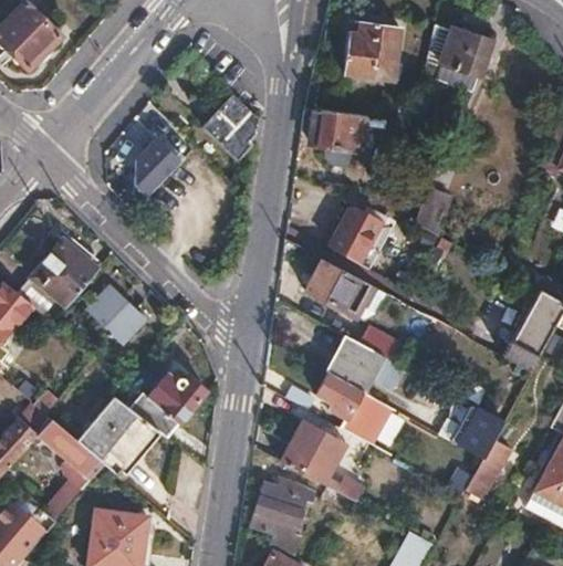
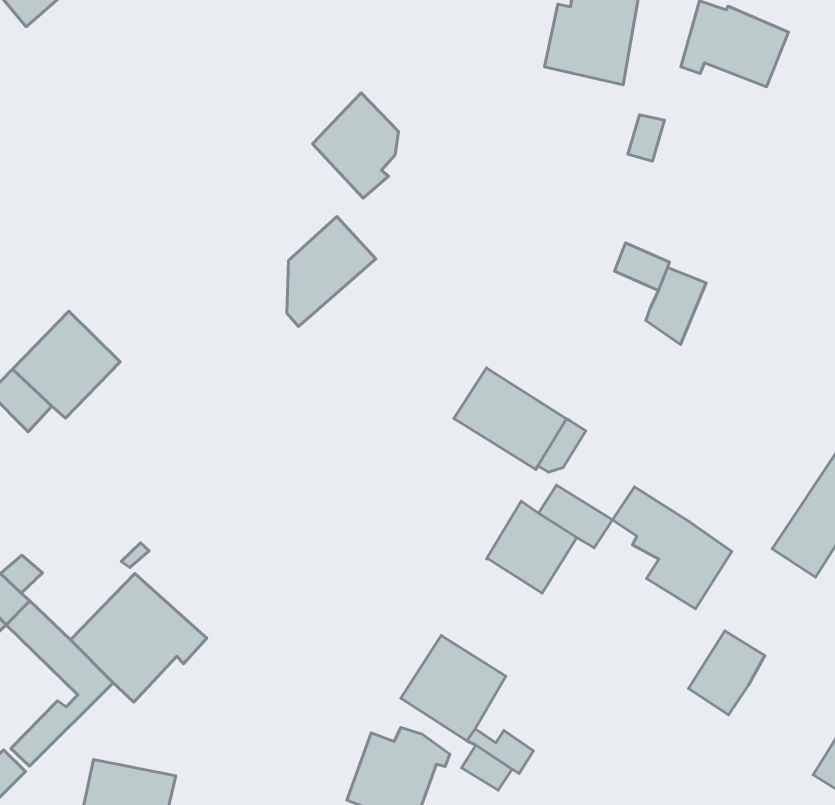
building: [312,107,386,167] -> none
building: [133,133,186,201] -> [287,216,376,327]
building: [331,205,384,263] -> none
building: [88,285,145,342] -> none
building: [317,373,392,444] -> [612,487,732,609]
building: [131,375,206,438] -> none
building: [465,439,511,499] -> none

